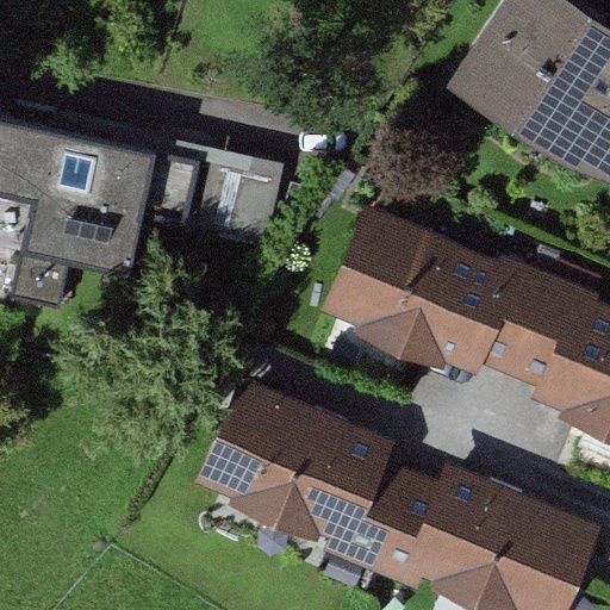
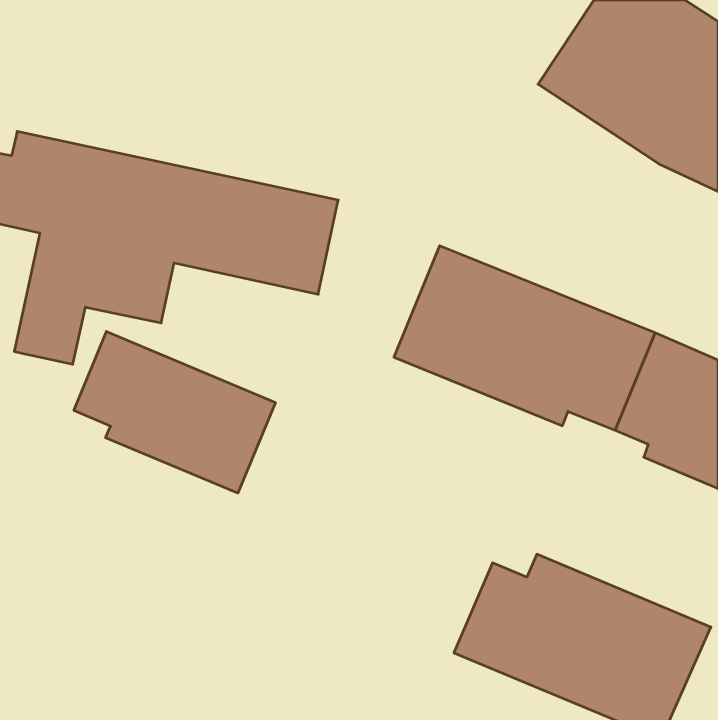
building: none -> [74,331,275,493]
building: [205,385,411,553] -> none

